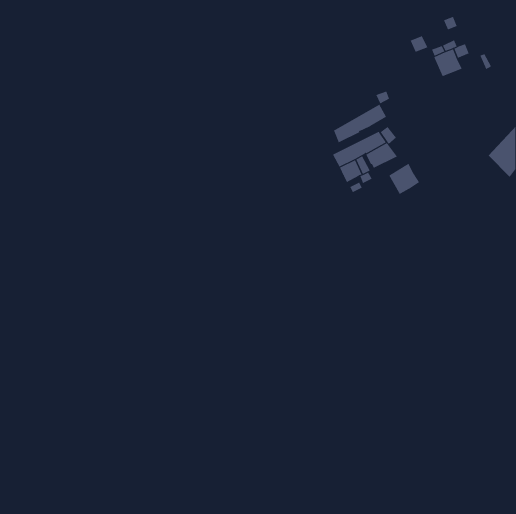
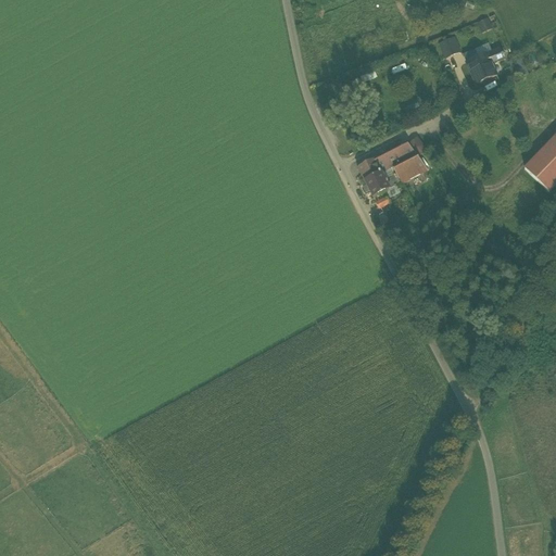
building: [333,104,387,143] -> none
building: [388,163,420,195] -> none

